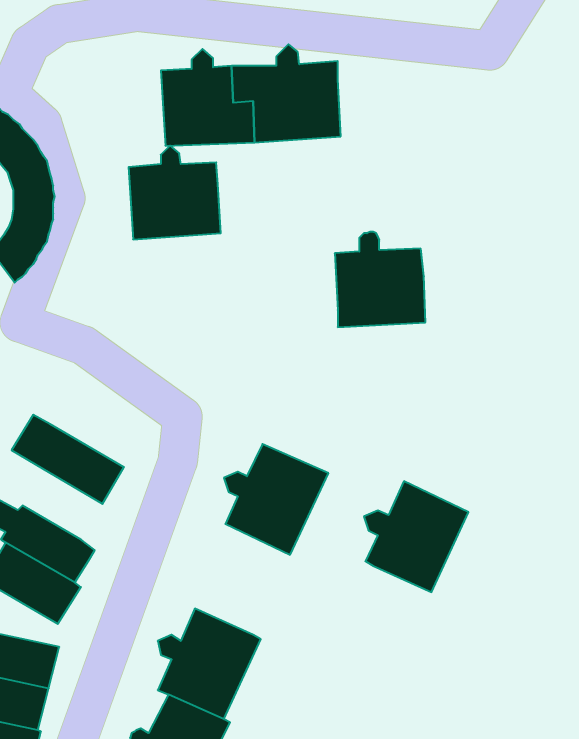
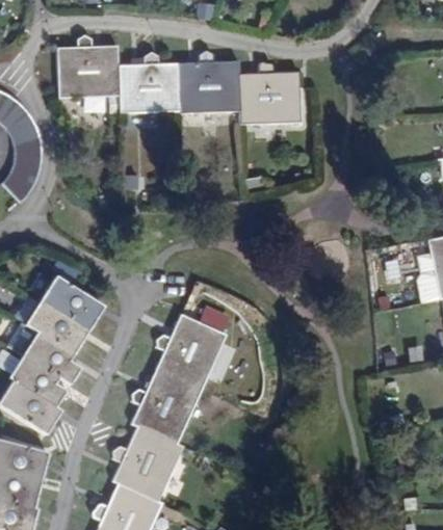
building: [129,146,221,239] -> [55,37,118,101]
building: [335,232,425,327] -> [235,55,296,120]
building: none -> [41,279,105,332]
building: none -> [22,333,80,388]
building: [364,481,468,592] -> [132,370,203,445]

